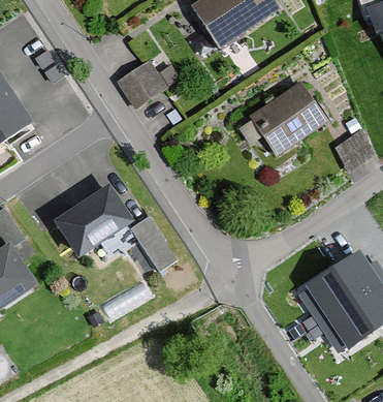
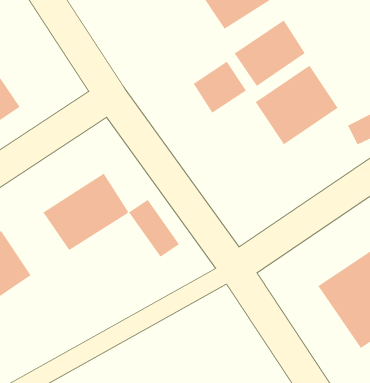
building: none -> [234,19,306,87]
building: [116,59,166,109] -> [193,61,247,114]

